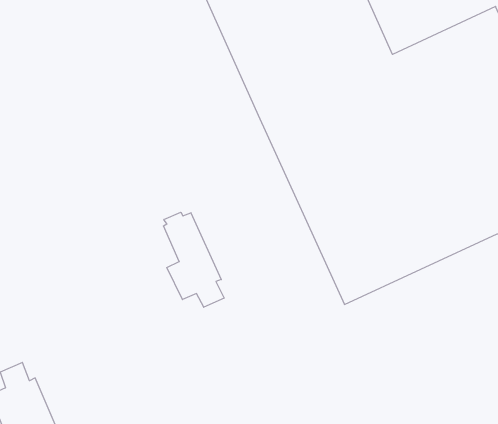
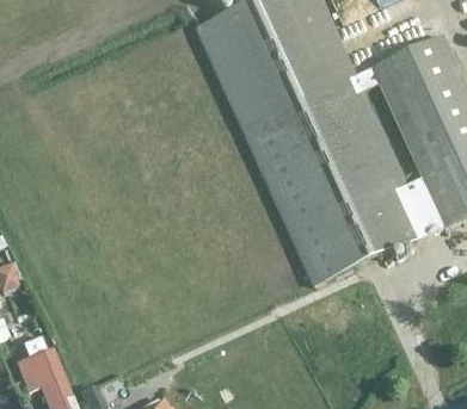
building: [163,212,224,307] -> none

